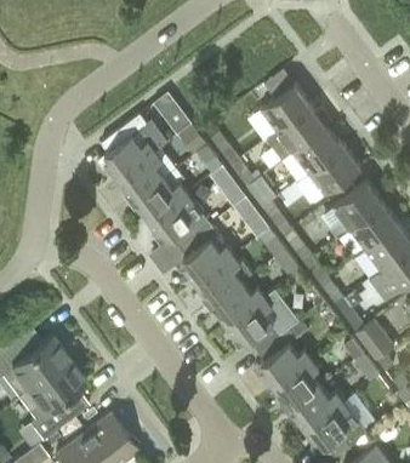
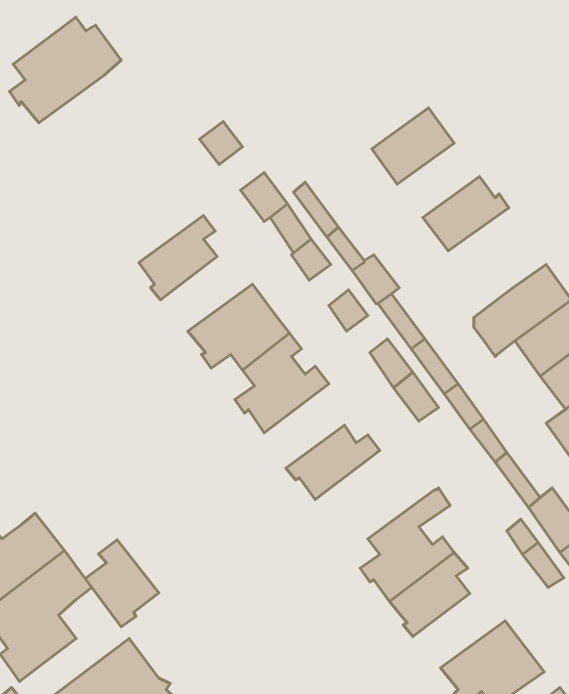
building: [268,107,332,160] -> none
building: [98,115,167,181] -> [9,17,121,123]
building: [297,147,361,202] -> none
building: [130,177,187,223] -> none
building: [194,256,252,308] -> none
building: [226,297,300,351] -> none
building: none -> [85,540,159,627]
building: [286,385,343,431] -> none

